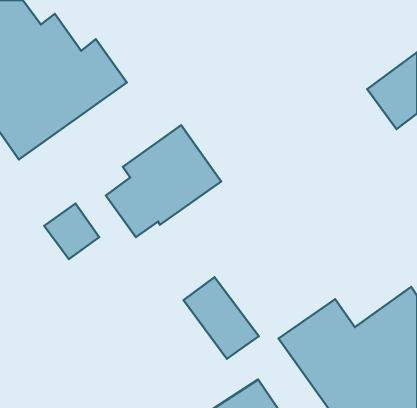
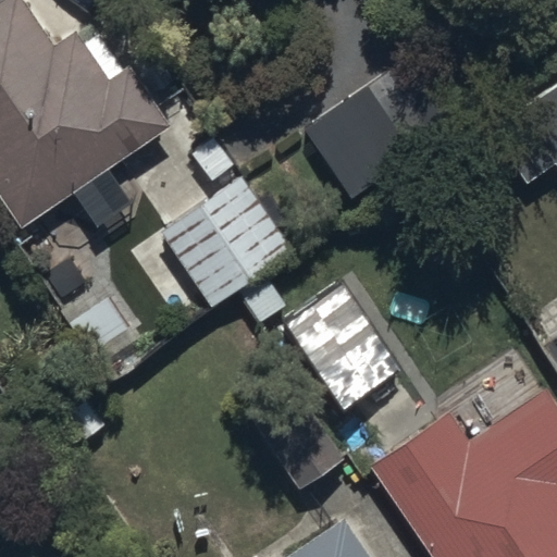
building: none -> [307,58,455,196]
building: none -> [287,283,423,433]

